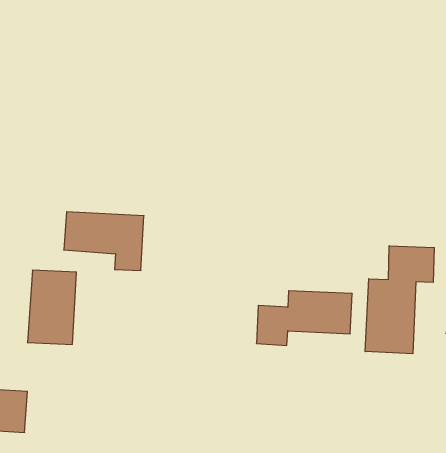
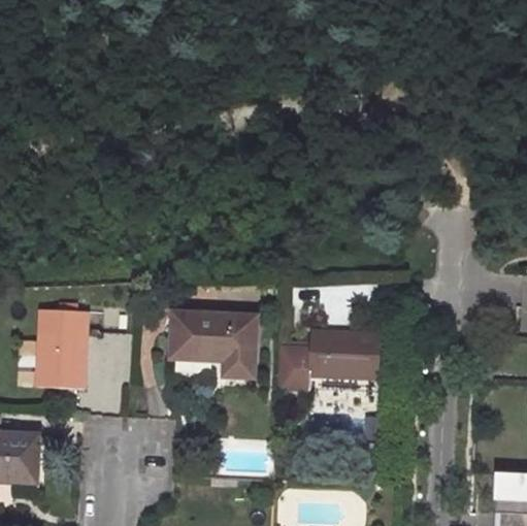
building: [64,212,144,270] -> [171,313,256,374]
building: [365,246,434,354] -> none

